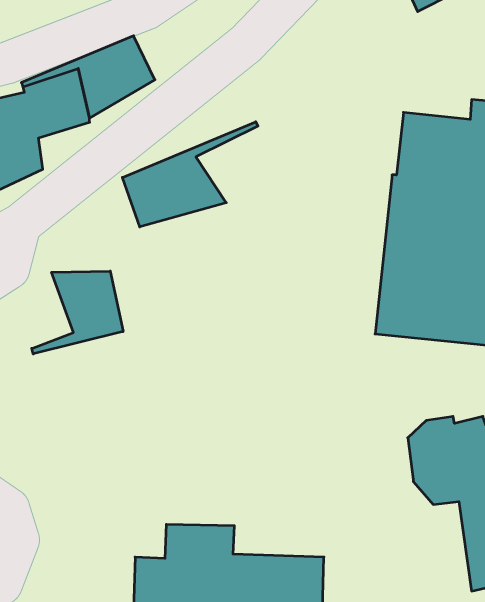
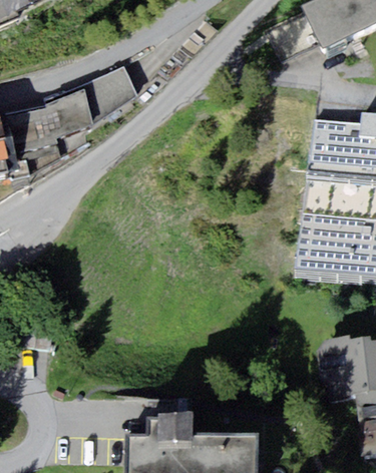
building: [122,122,258,227] -> none
building: [32,271,123,354] -> none

